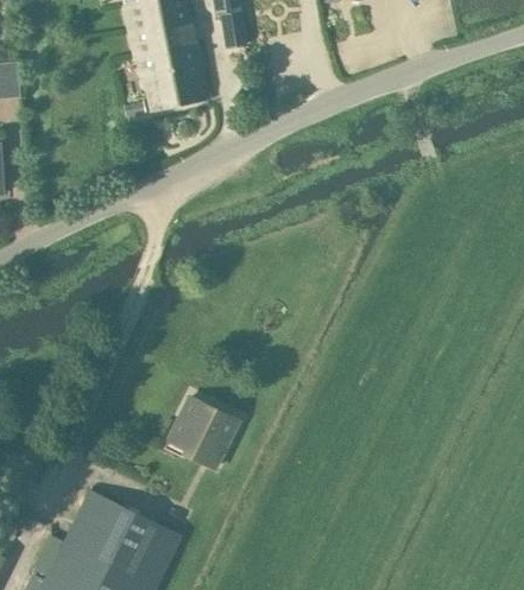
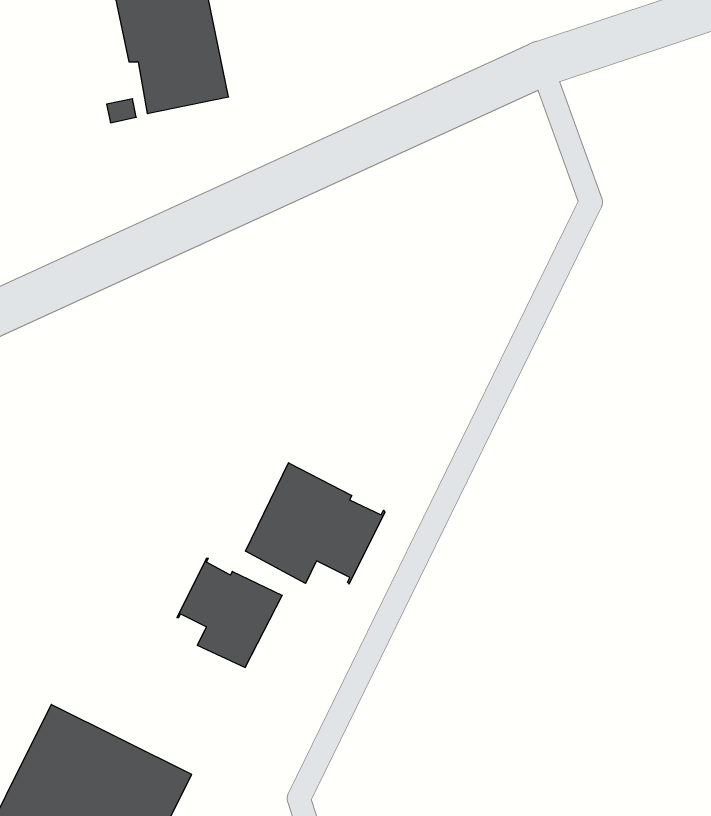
building: none -> [246,463,385,584]

